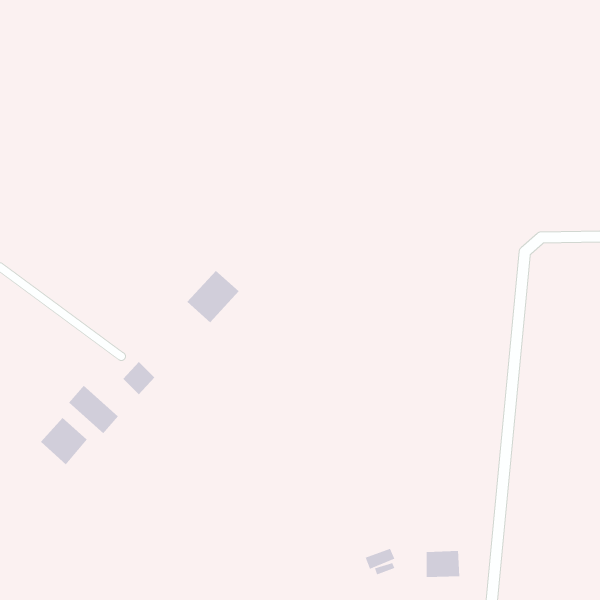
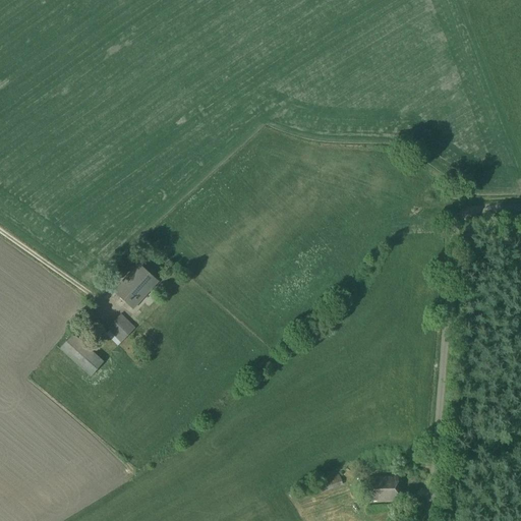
building: [187,270,240,323] -> [113,263,159,308]
building: [40,417,88,465] -> none

